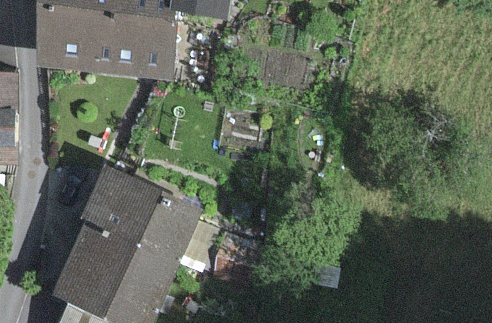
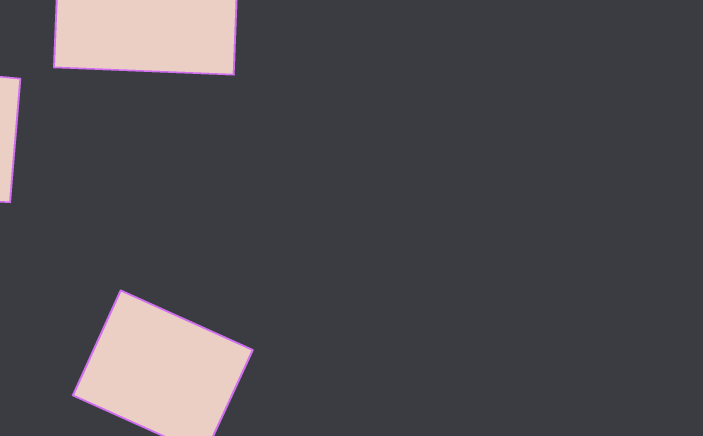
building: [82,167,199,259] -> none

